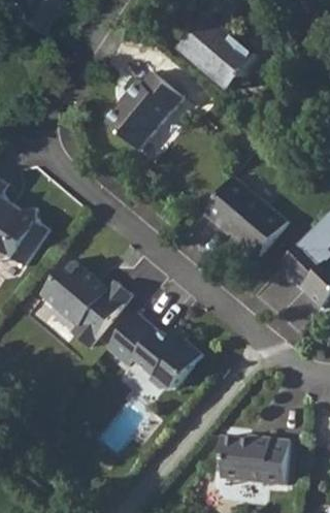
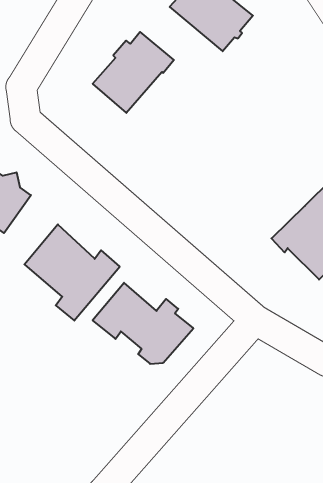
building: [202,178,288,258] -> none
building: [219,438,290,486] -> none

